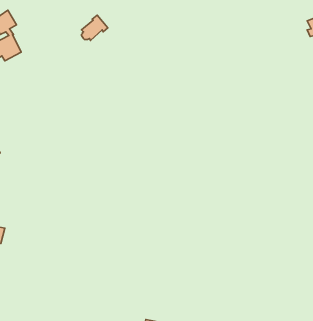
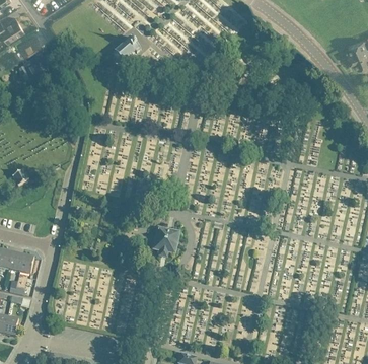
building: none -> [153,228,179,259]

